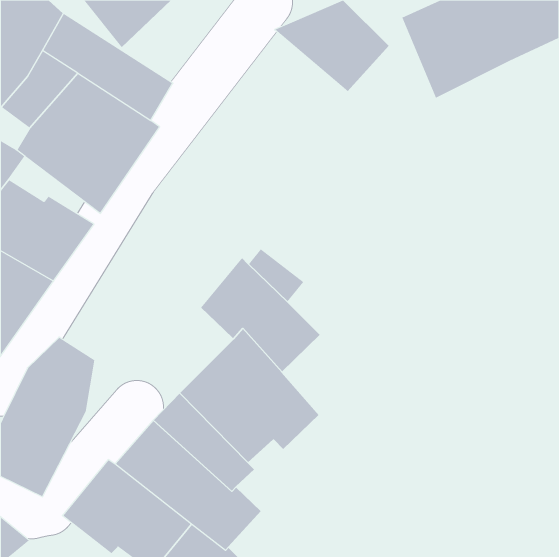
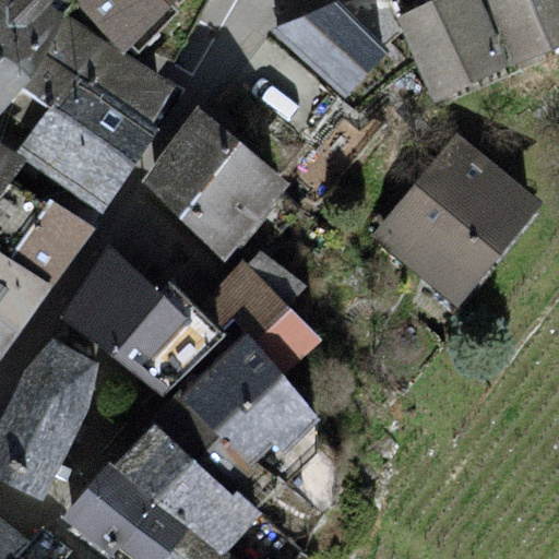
building: none -> [144,110,283,257]
building: none -> [374,136,534,300]
building: none -> [61,242,223,397]

